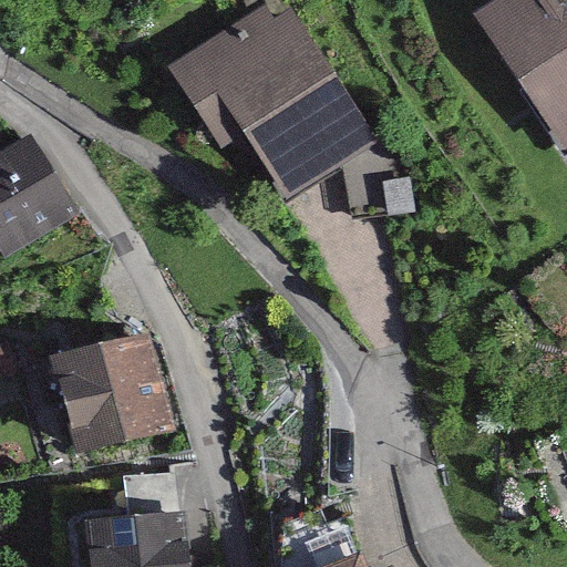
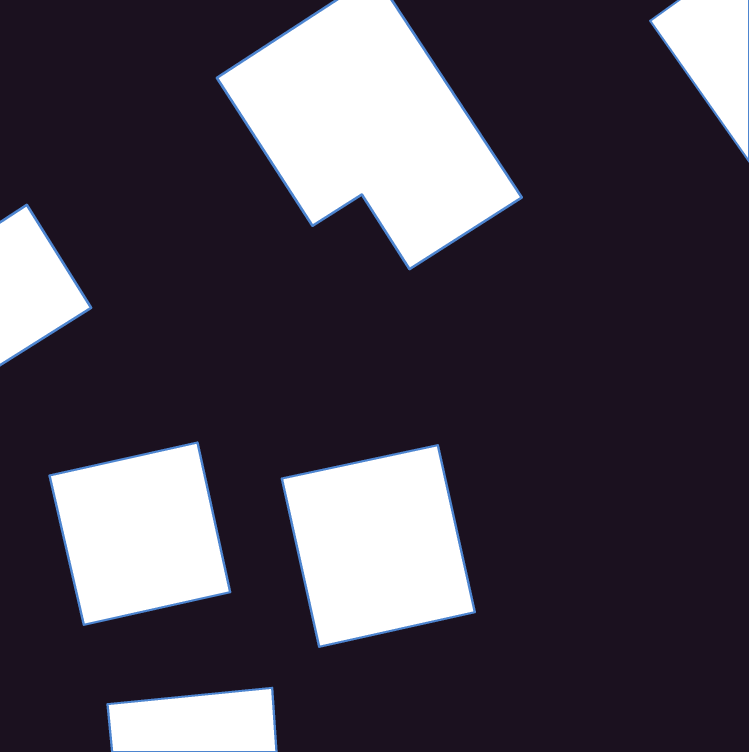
building: none -> [282,445,475,647]

